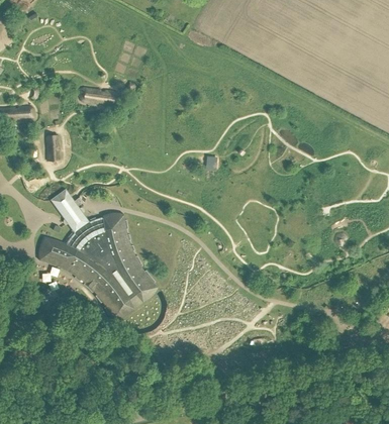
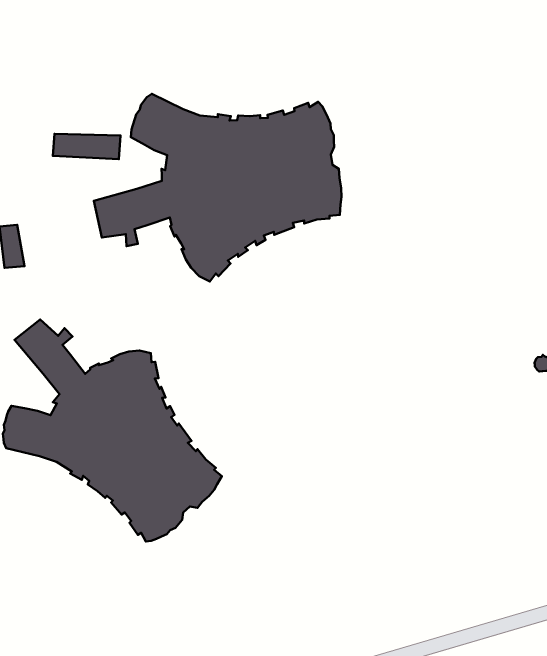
building: none -> [94,94,341,281]

